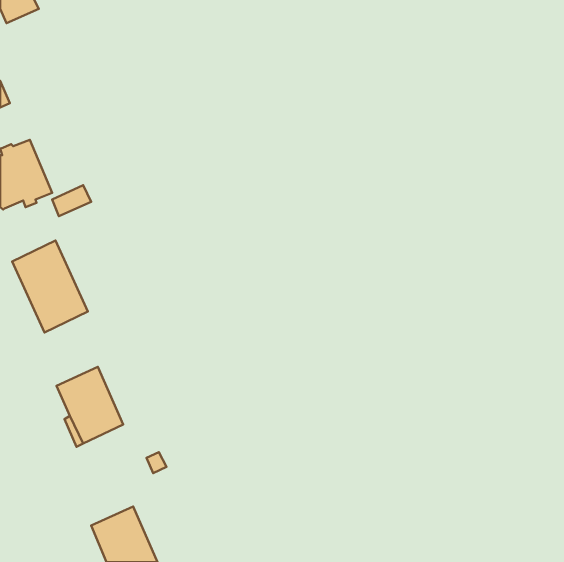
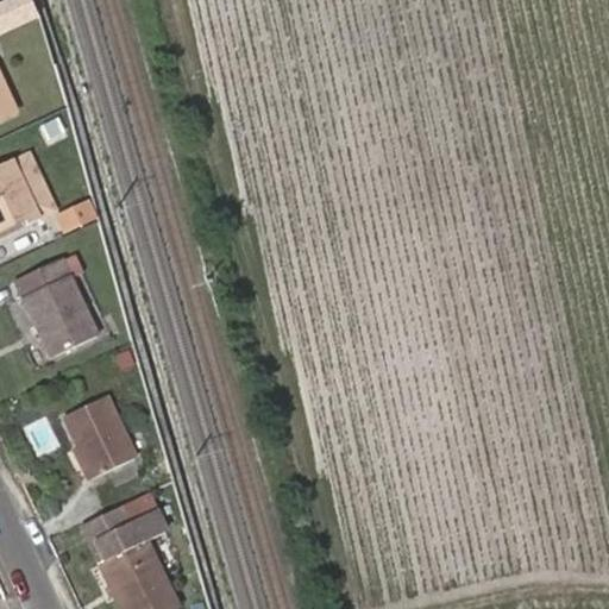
building: none -> [82,492,163,564]

